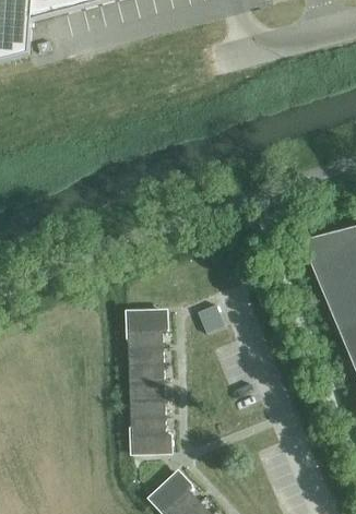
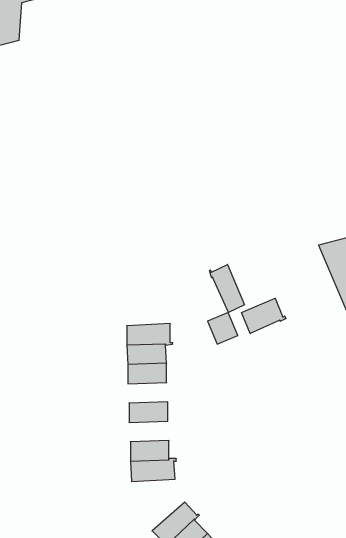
building: none -> [209,264,244,313]
building: none -> [241,298,286,334]
building: [128,364,164,383] -> none
building: [129,399,165,418] -> none

